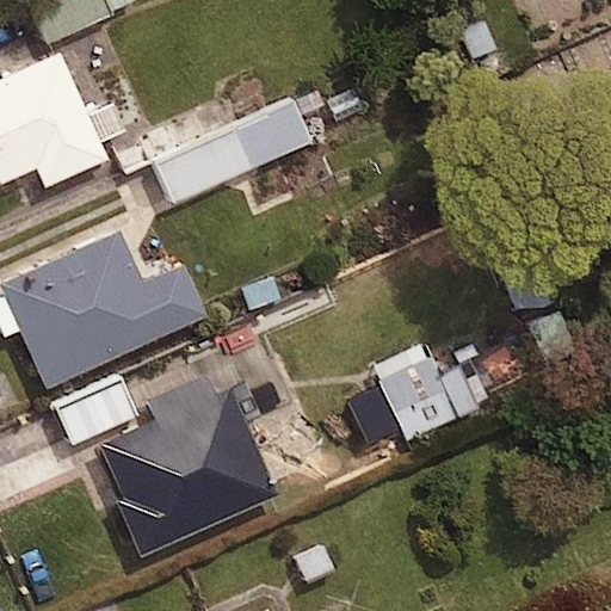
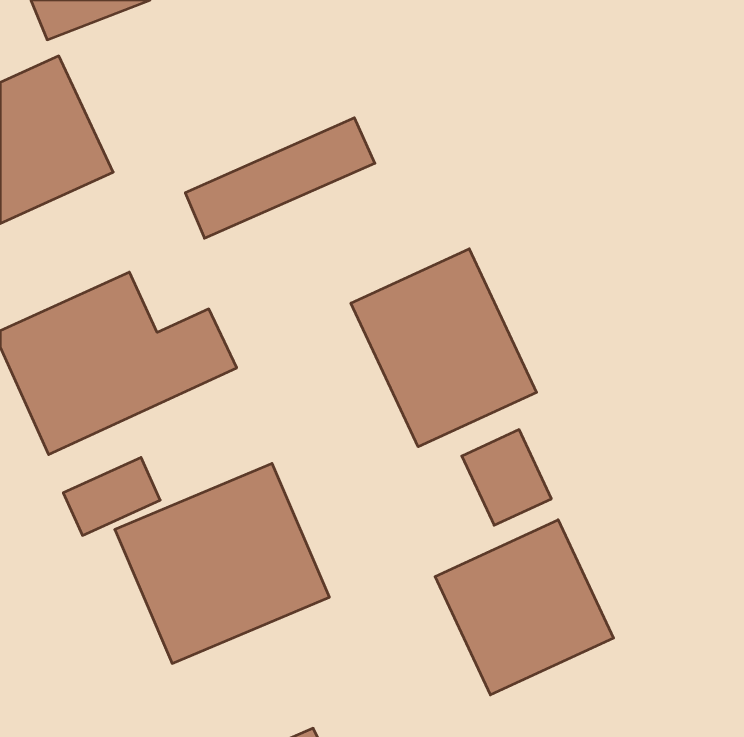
building: none -> [351,249,537,447]
building: none -> [435,520,614,695]

